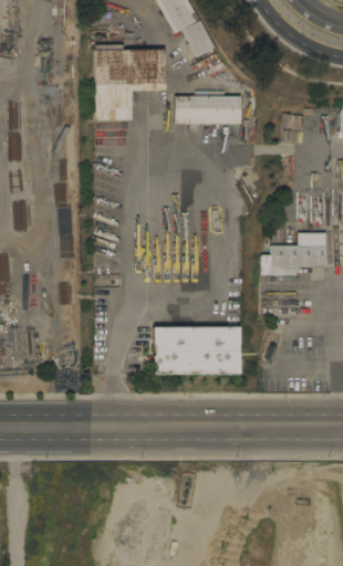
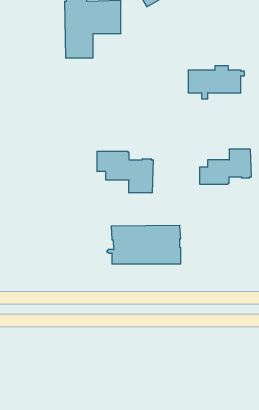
building: [175,90,245,130] -> [188,66,244,99]
building: none -> [97,151,153,193]

